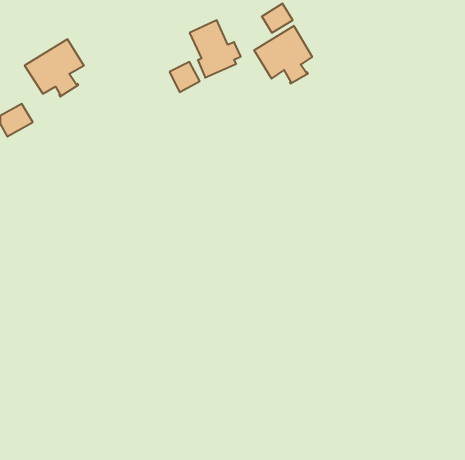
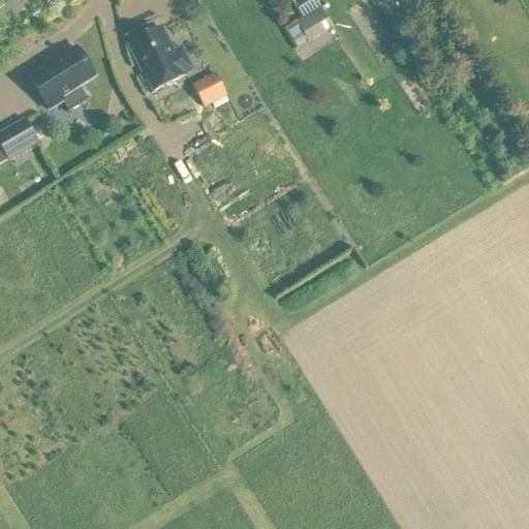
building: [190,20,241,78] -> [129,27,187,92]
building: [254,26,312,84] -> none

